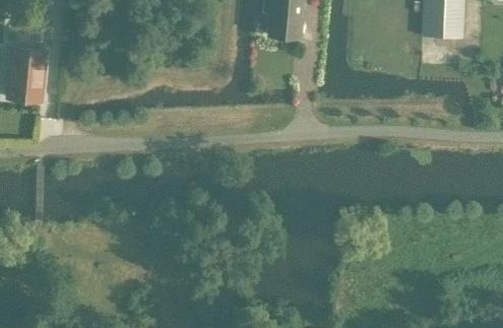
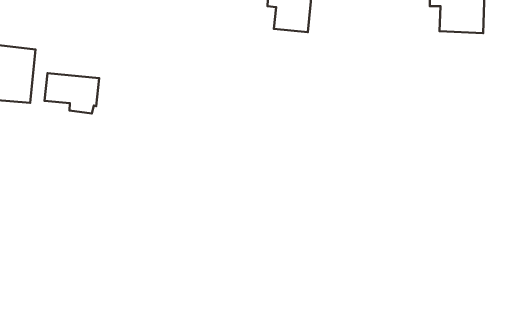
building: none -> [45,73,99,113]

